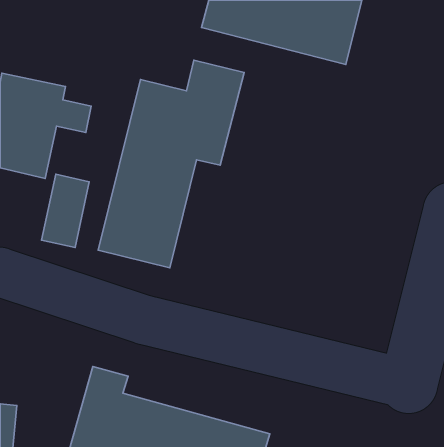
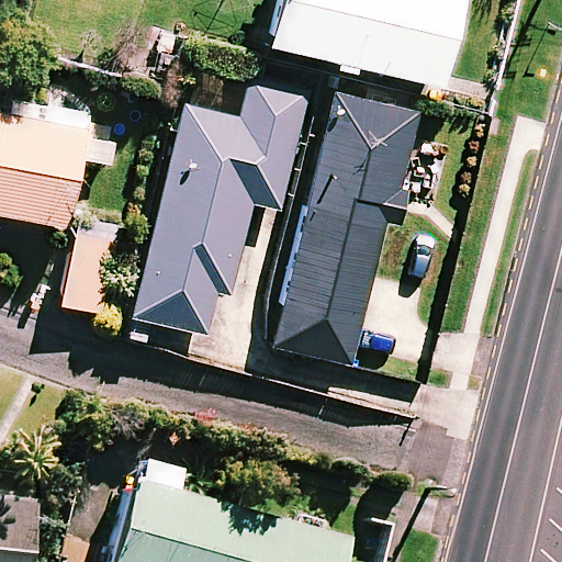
building: none -> [269,91,420,364]

